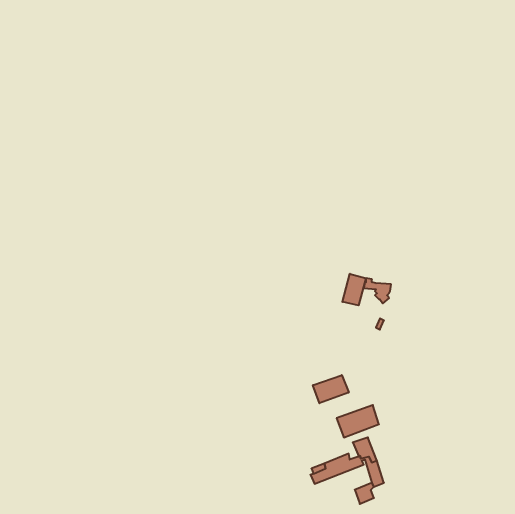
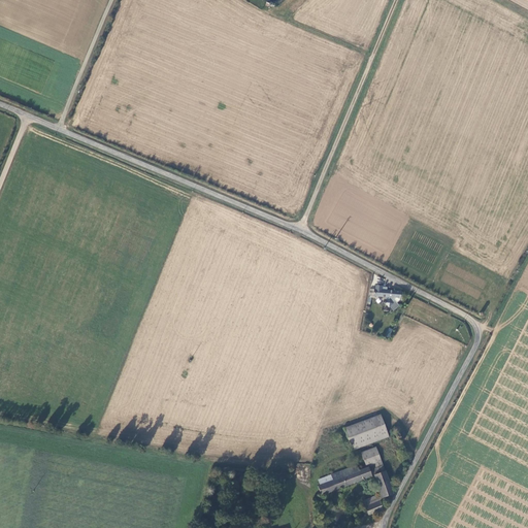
building: [342,274,366,305] -> none
building: [313,375,349,403] -> none

